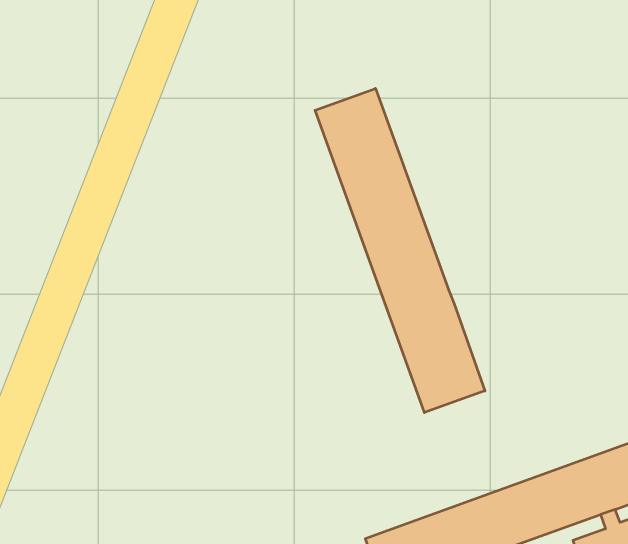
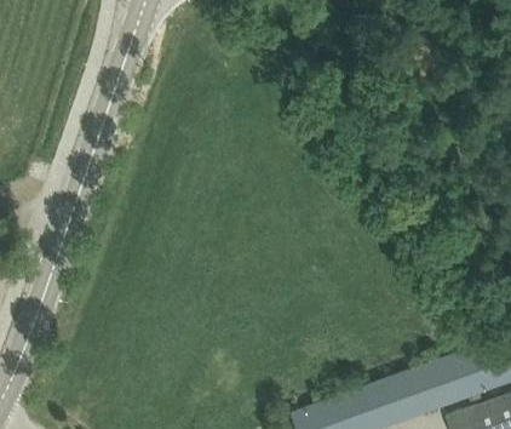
building: [315,88,485,413] -> none

